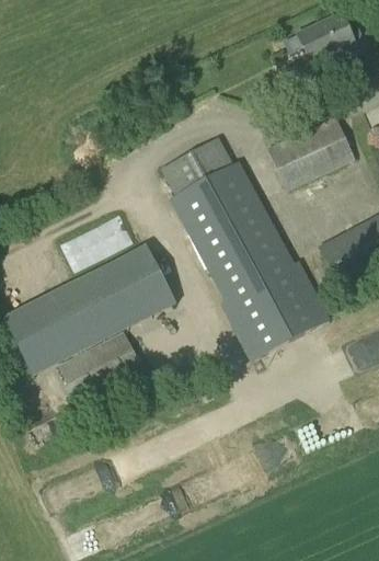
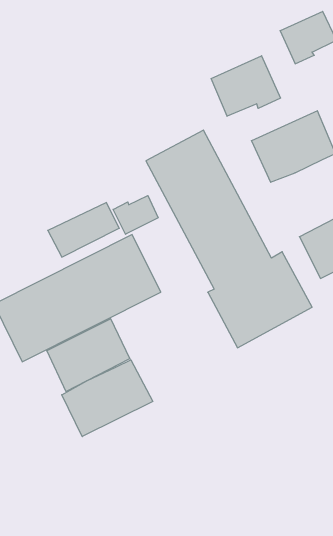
building: none -> [211,56,281,116]
building: none -> [113,196,158,234]
building: none -> [62,360,153,437]

